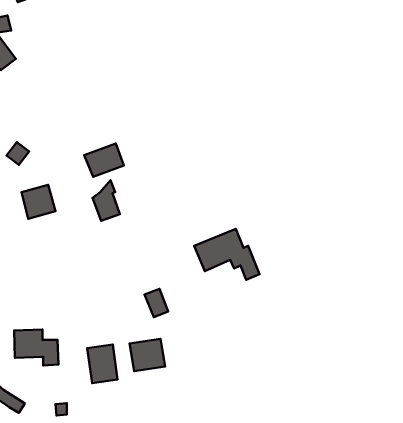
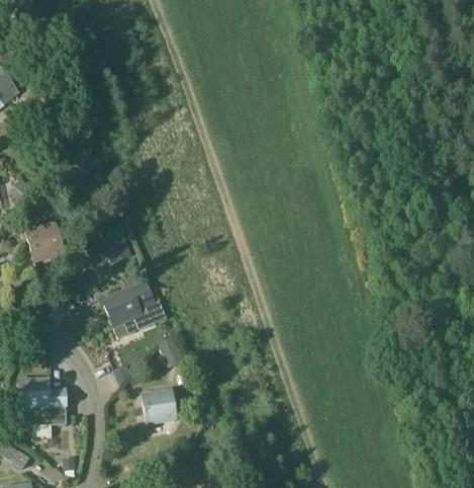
building: [84,143,124,177] -> none
building: [194,229,260,280] -> [101,281,171,336]
building: [87,344,118,383] -> none

